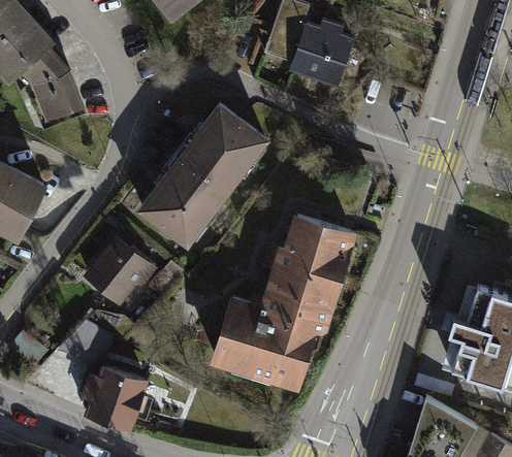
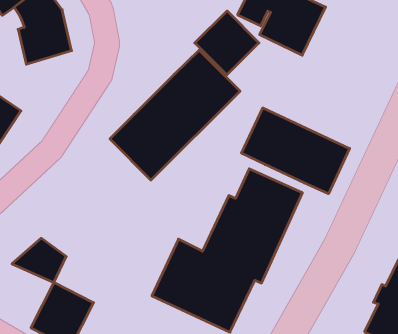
building: none -> [195,11,259,75]
building: none -> [242,108,350,194]
building: [87,234,159,303] -> none

